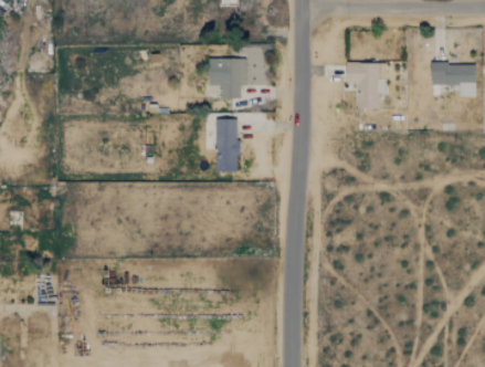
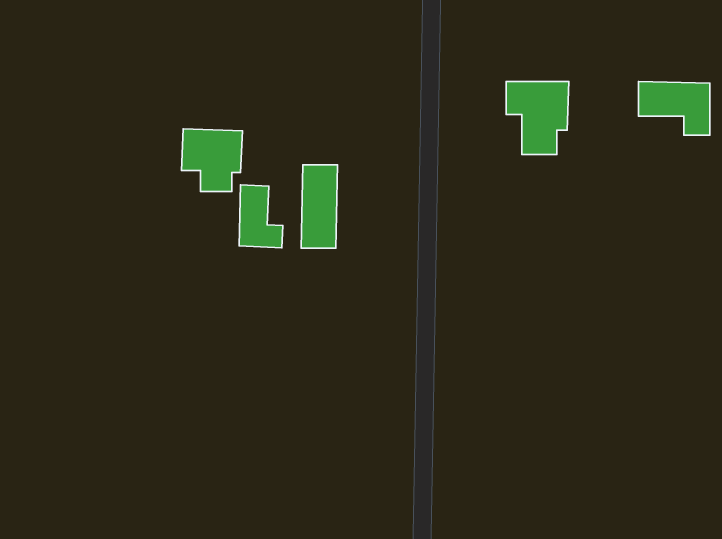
building: [210,56,249,96] -> [182,129,242,192]
building: none -> [239,185,283,248]

